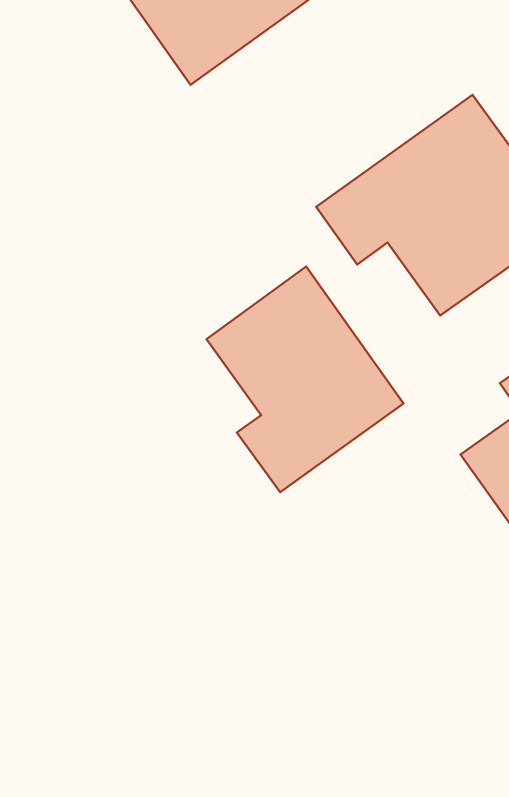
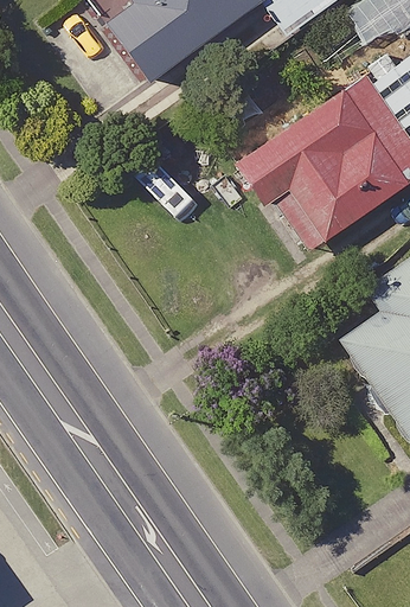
building: [206,266,404,492] -> none

